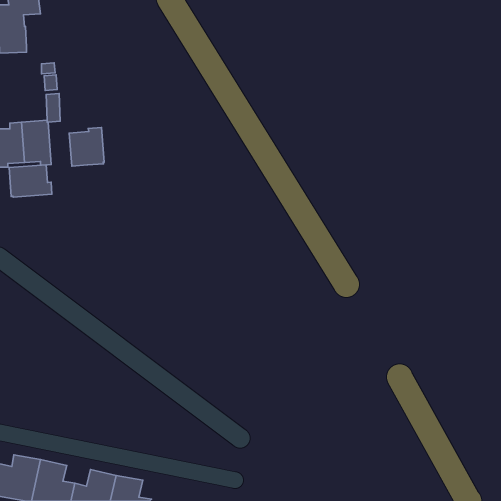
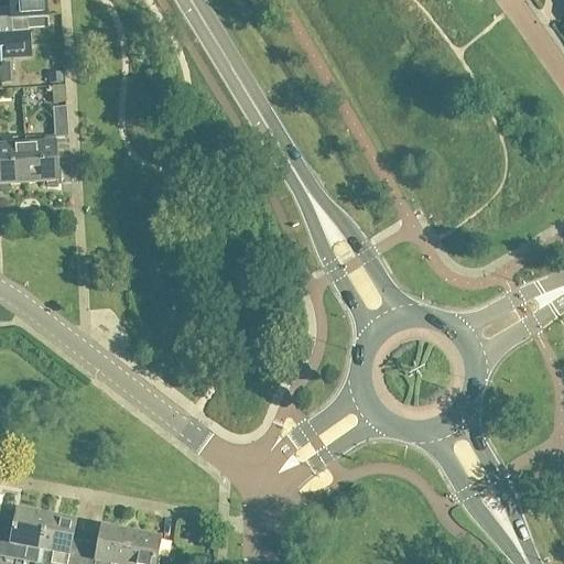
building: [69,128,104,166] -> none
building: [9,165,52,197] -> none

